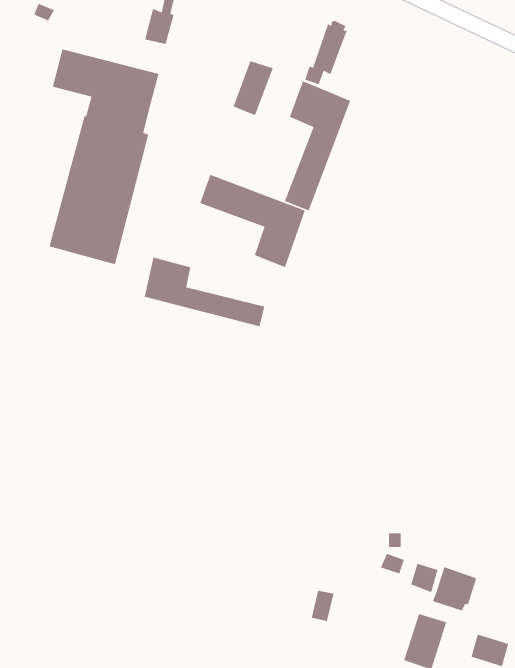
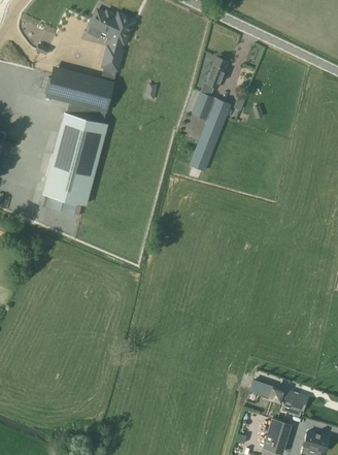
building: [232,60,274,116] -> none
building: [199,174,306,268] -> none
building: [144,257,265,327] -> none

